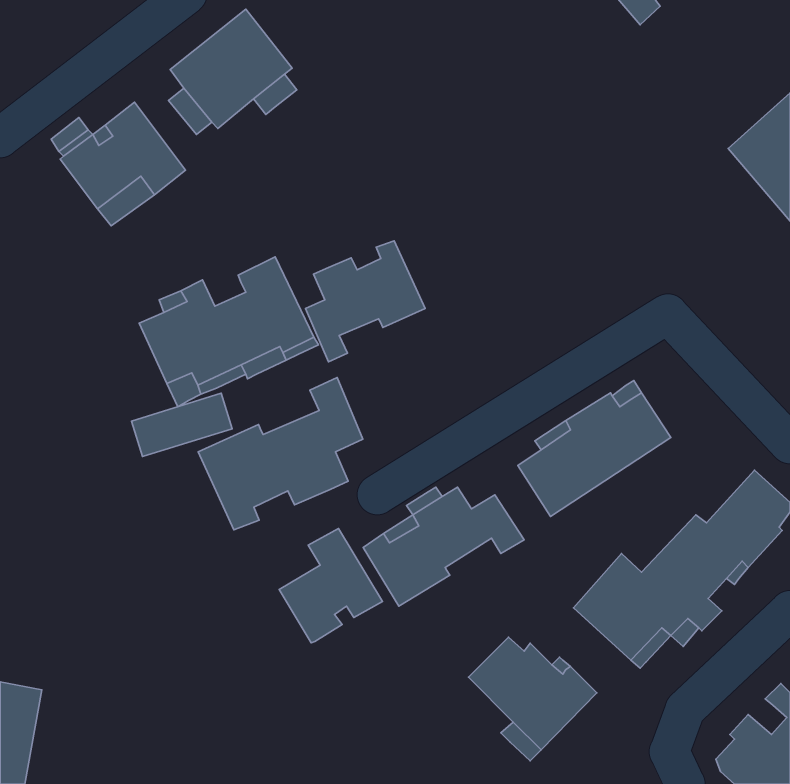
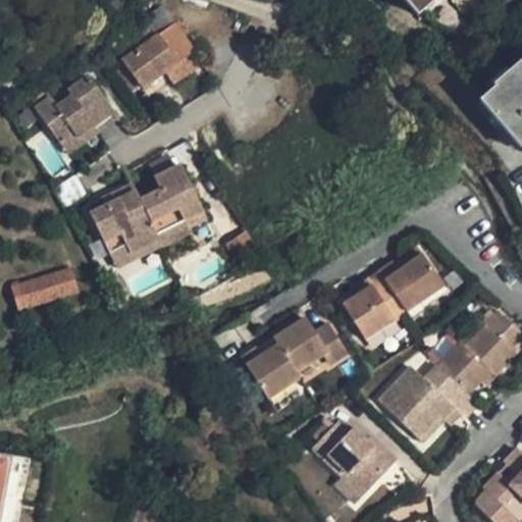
building: [306,241,425,362] -> none
building: [198,378,363,530] -> none
building: [132,393,232,457] -> [11,266,77,308]
building: [279,528,382,643] -> none

